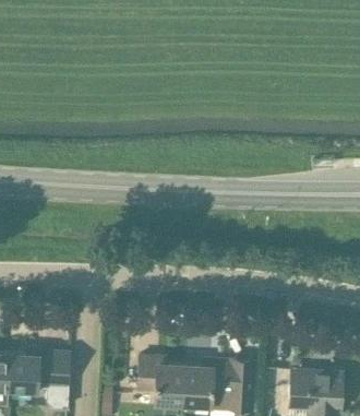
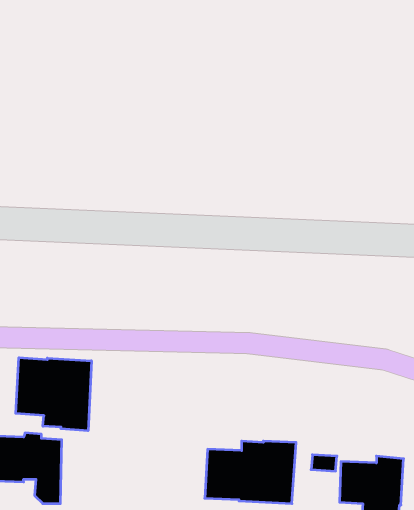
building: none -> [16,358,91,431]
building: [137,355,184,404] -> none

